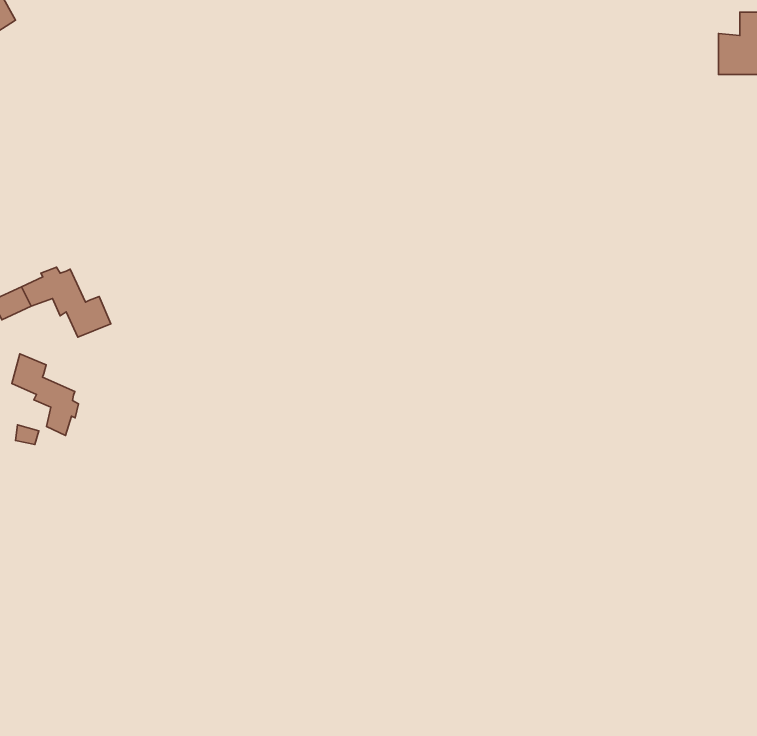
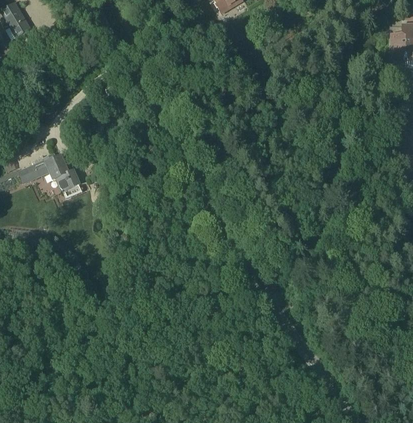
building: [12,354,78,435] -> none

